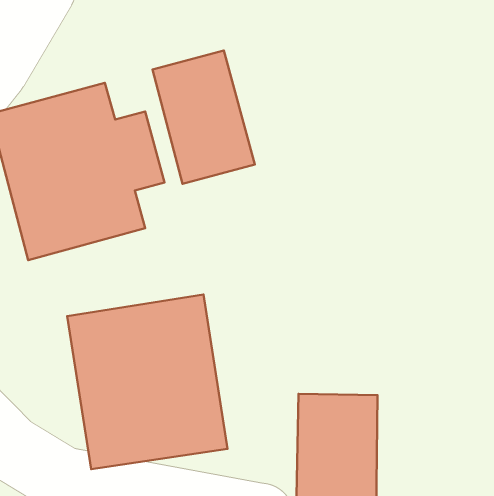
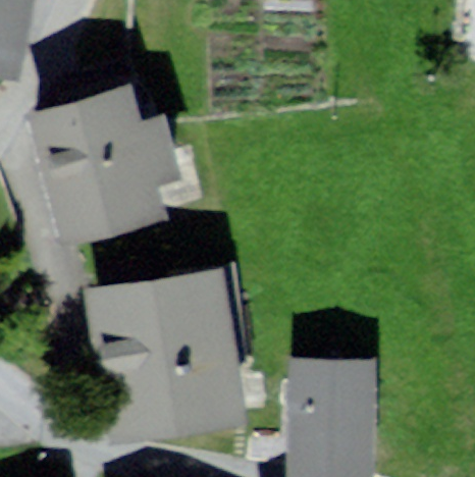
building: [152,50,255,184] -> none

